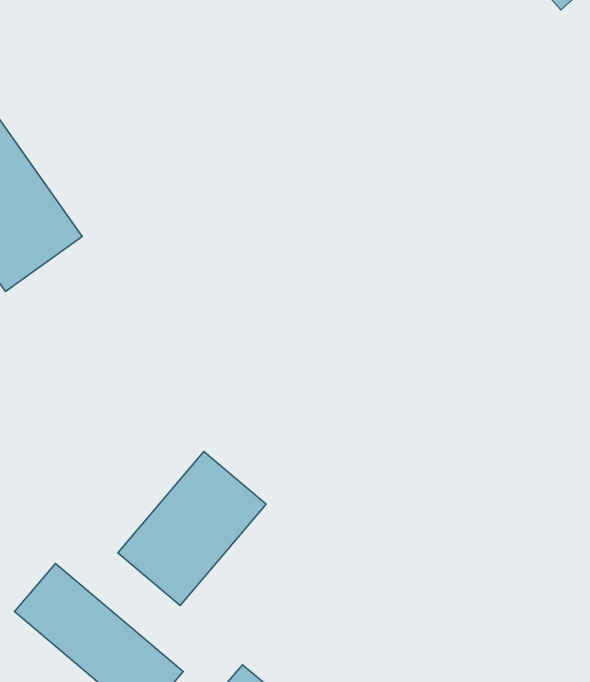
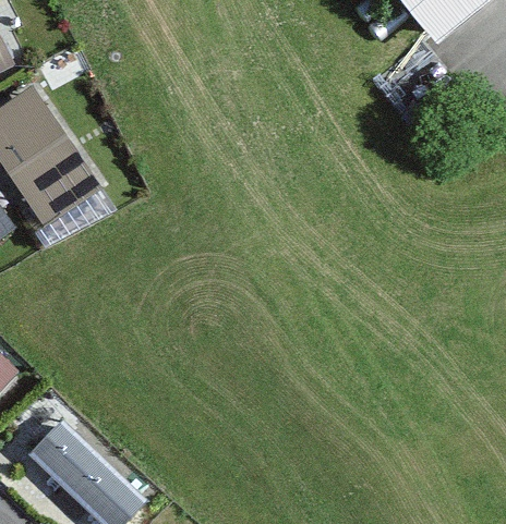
building: [118,452,266,606] -> none

